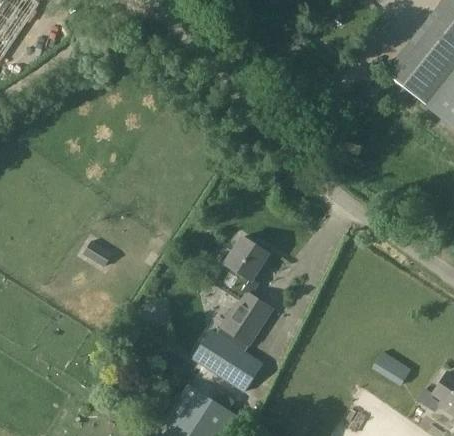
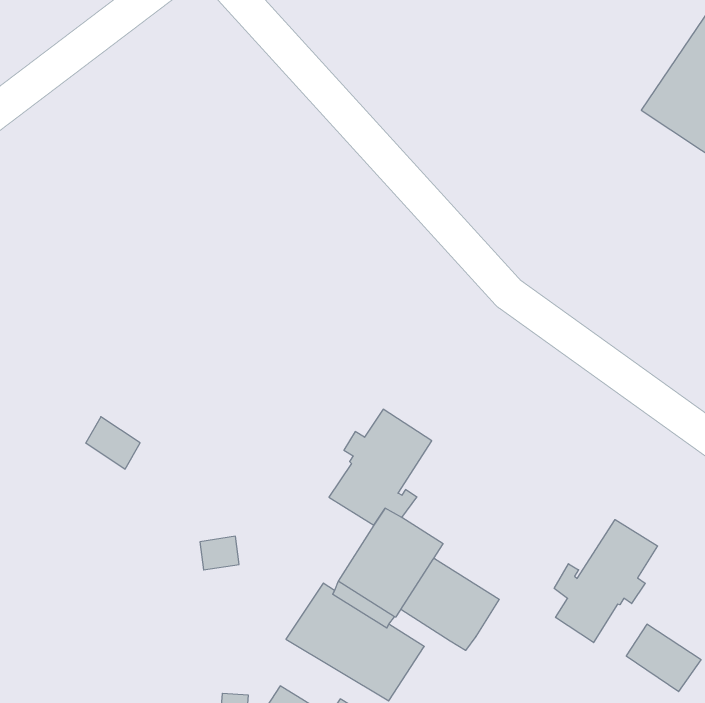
building: none -> [554,520,658,643]
building: none -> [401,558,499,650]

